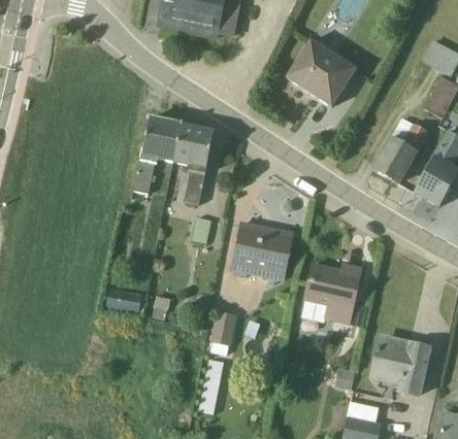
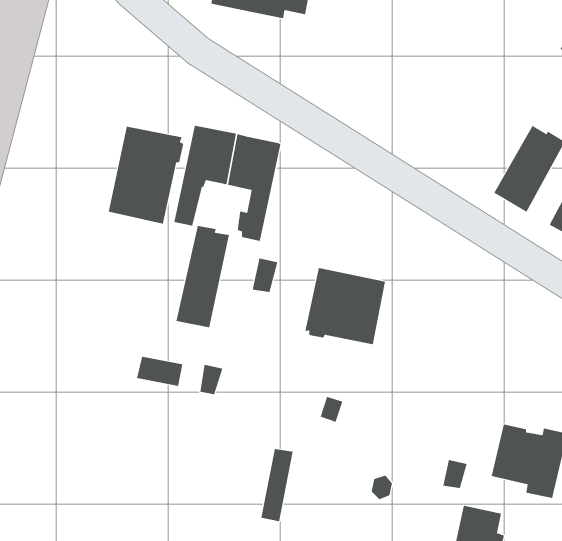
building: [288,38,357,105] -> none
building: none -> [108,126,184,225]
building: none -> [176,225,230,328]
building: [302,264,367,327] -> none
building: [211,310,237,352] -> none

